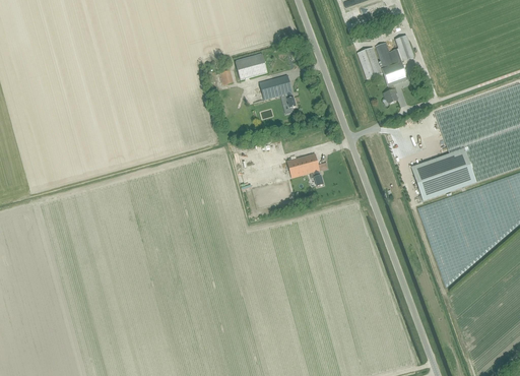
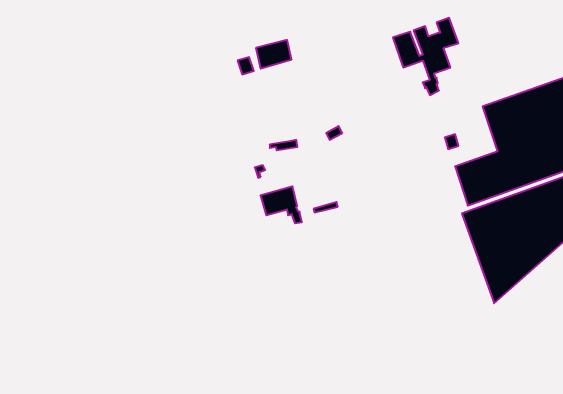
building: [259,74,296,107] -> none
building: [286,152,323,185] -> [260,186,302,223]

